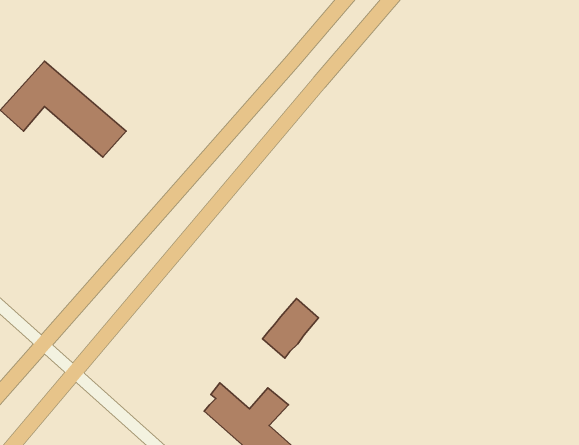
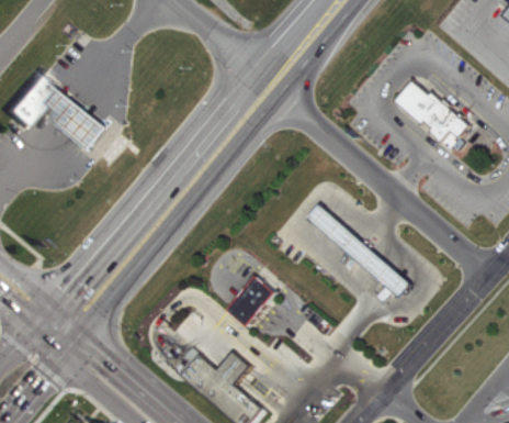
building: none -> [394,80,468,148]
building: none -> [307,204,411,297]

